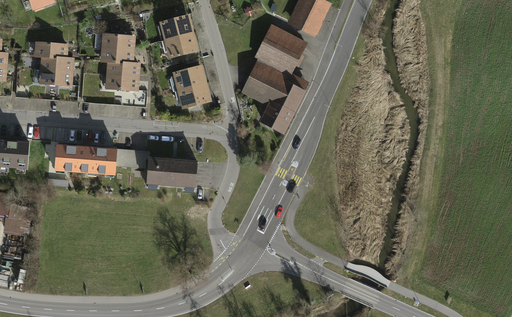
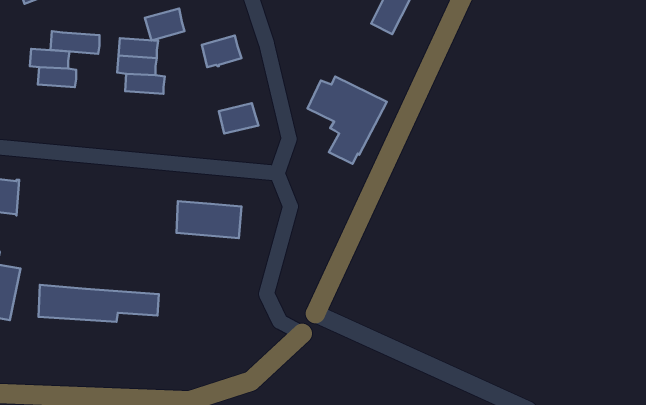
building: [160,15,190,39] -> [145,9,184,40]
building: [260,27,303,64] -> none
building: [168,66,203,91] -> none
building: [32,68,69,85] -> [51,31,100,54]
building: [106,74,136,90] -> none
building: [54,144,145,172] -> [38,285,159,322]

